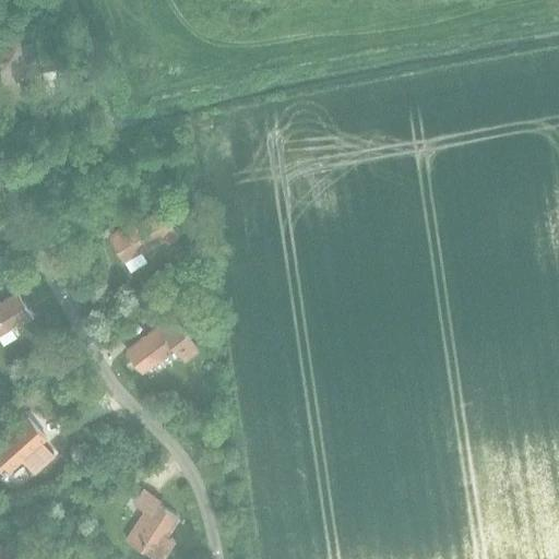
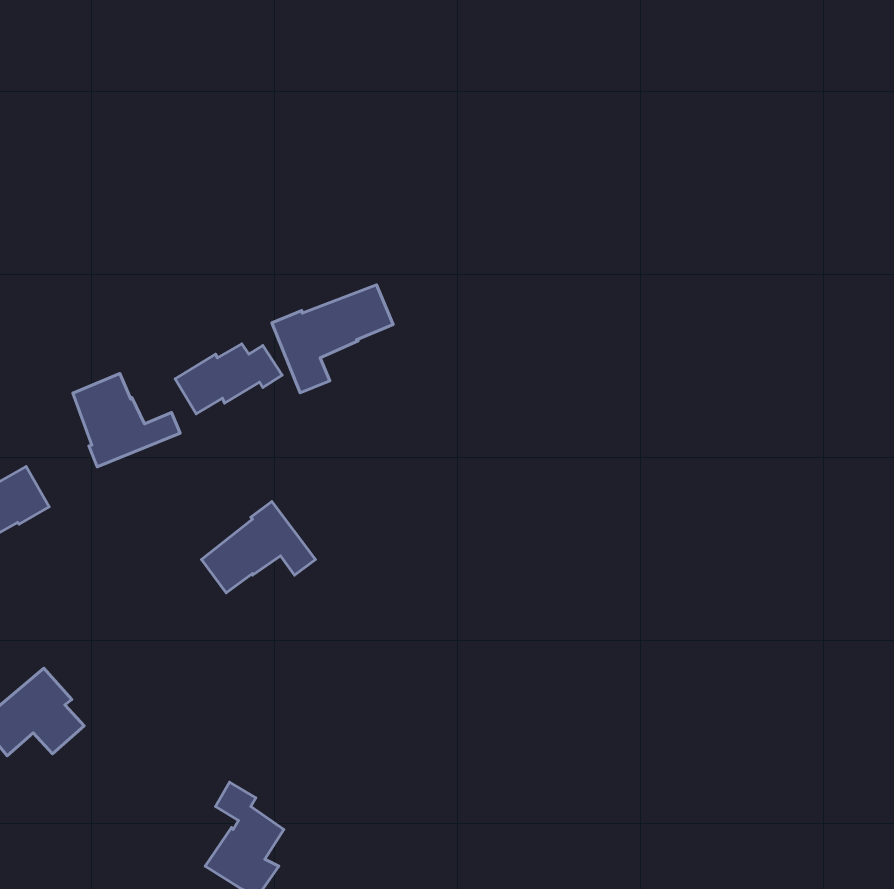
building: none -> [272,285,393,393]
building: none -> [73,374,180,467]

